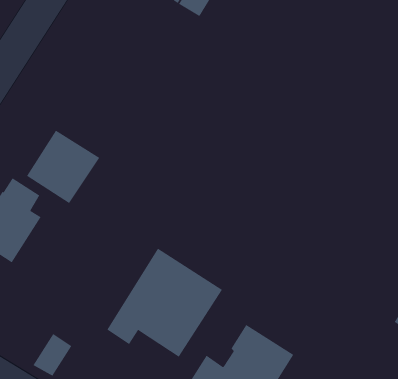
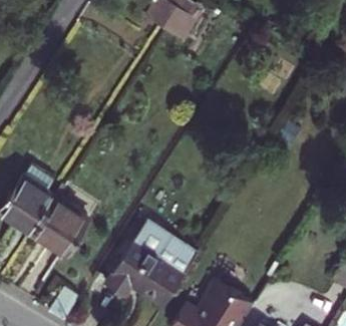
building: [26,130,100,204] -> [32,196,90,254]

